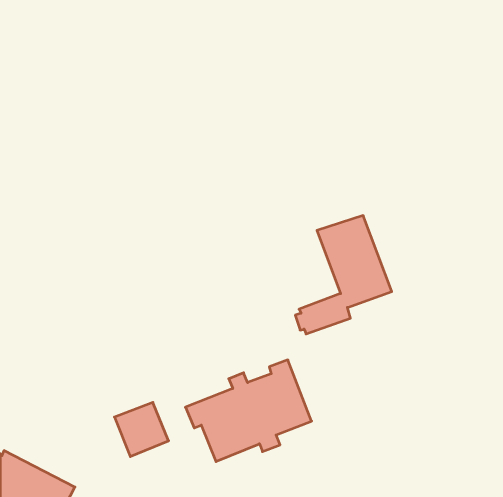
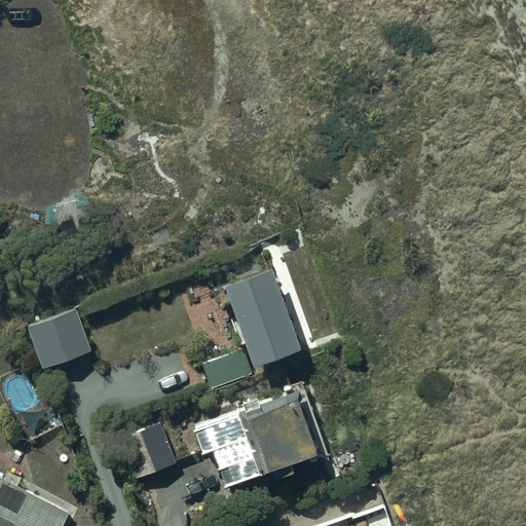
building: [295,216,392,334] -> [198,270,299,393]
building: none -> [35,320,88,367]

